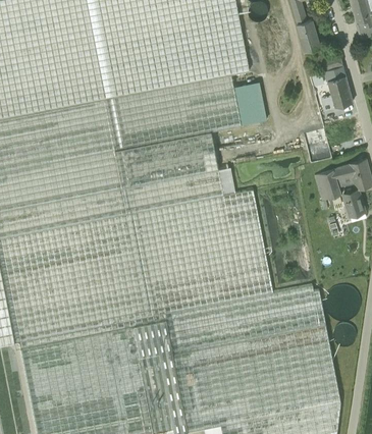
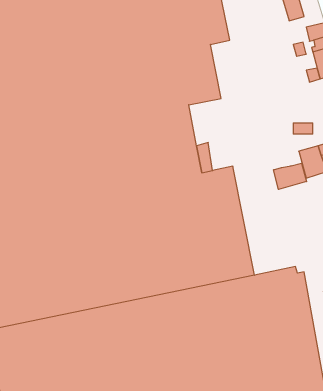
building: [241,93,263,120] -> none
building: none -> [274,163,307,189]

